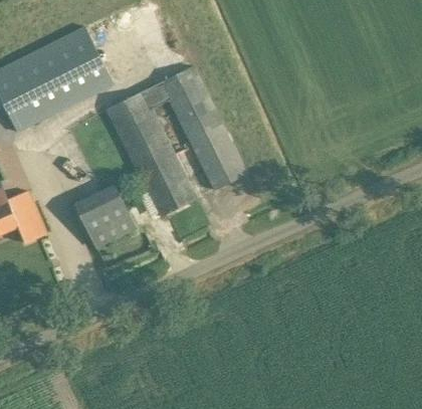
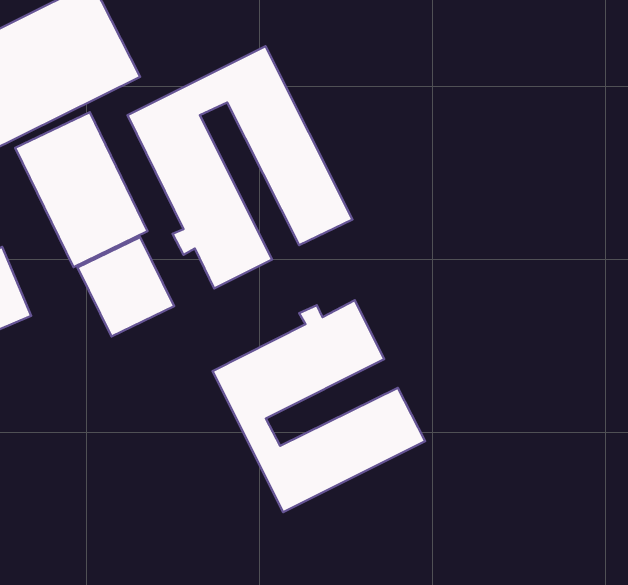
building: none -> [15,112,147,267]
building: none -> [212,300,425,512]

